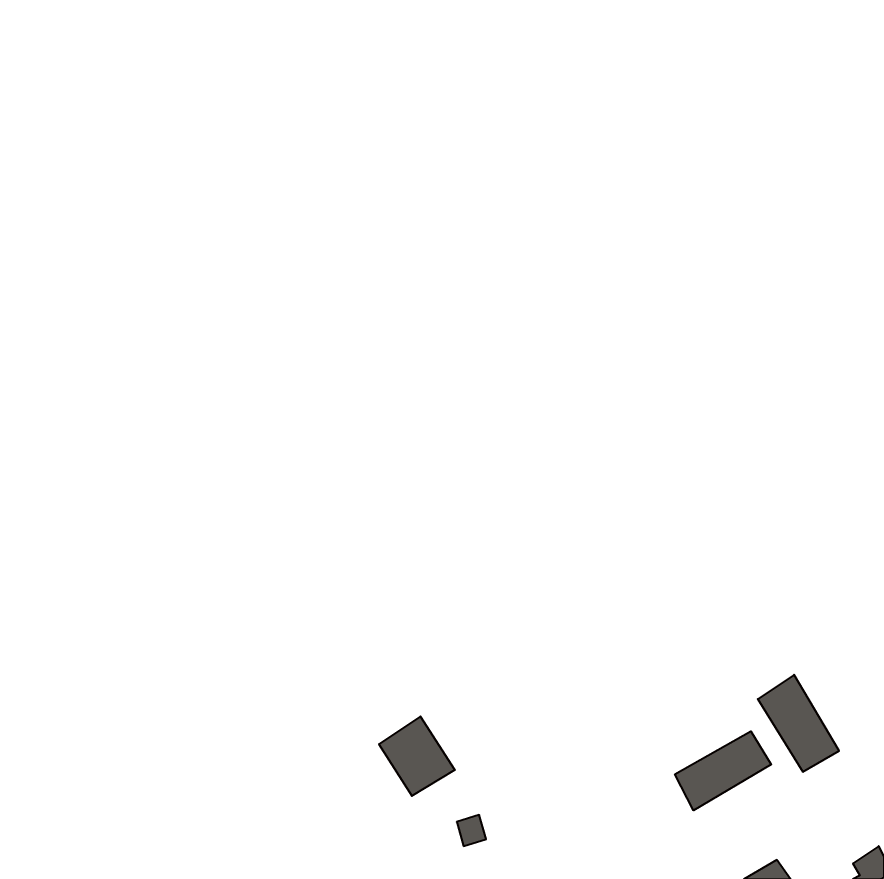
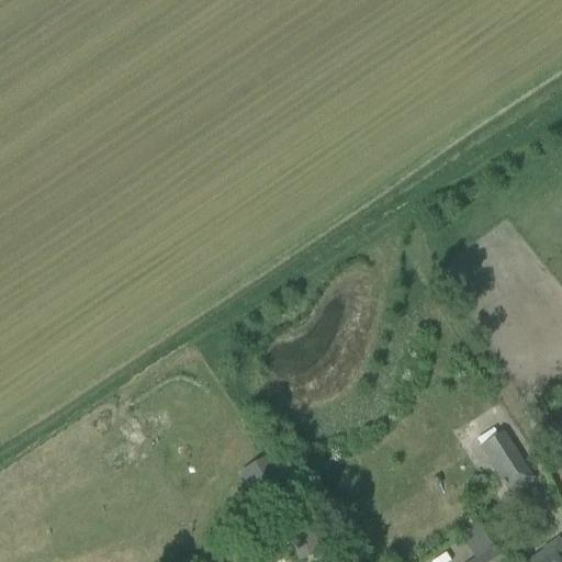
building: [675,731,771,810] -> none

